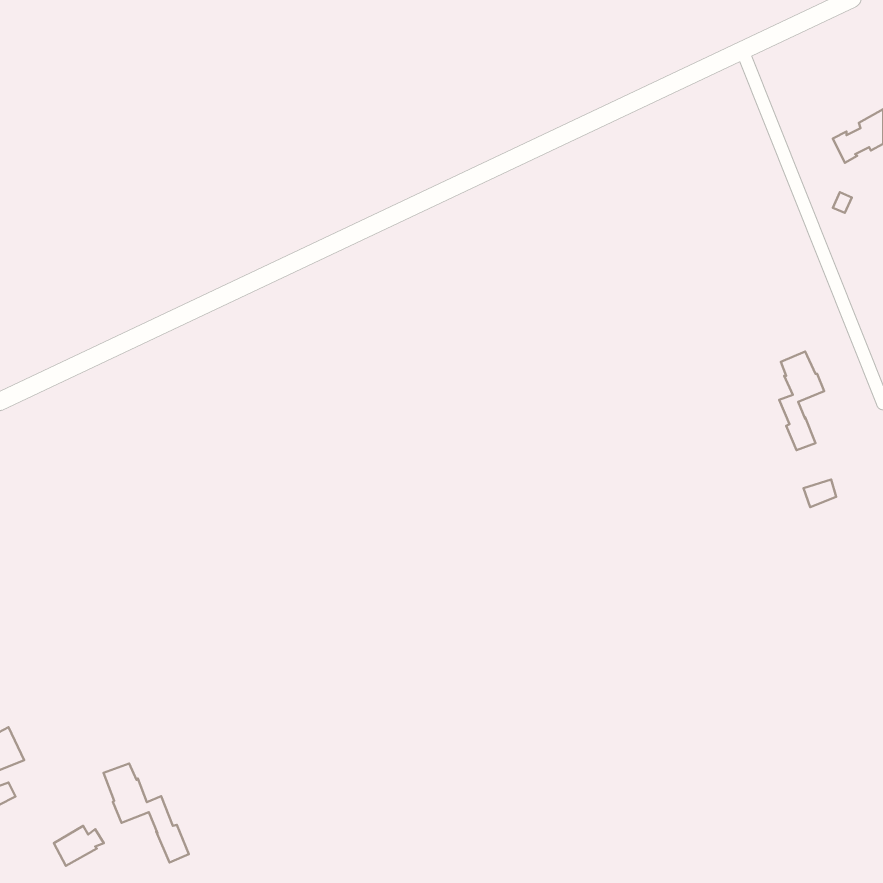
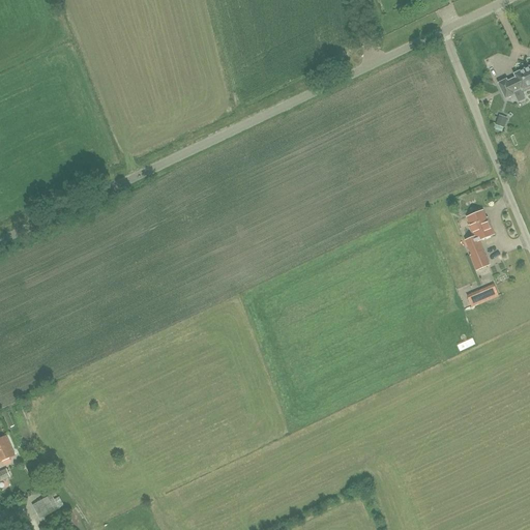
building: [103,764,189,863] -> none

